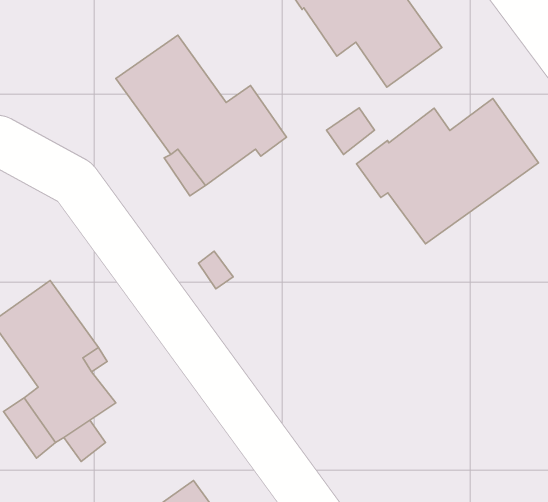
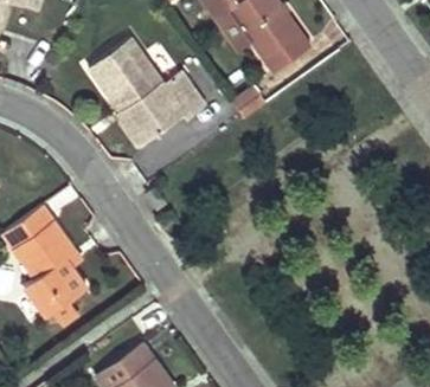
building: [356,99,539,244] -> none

